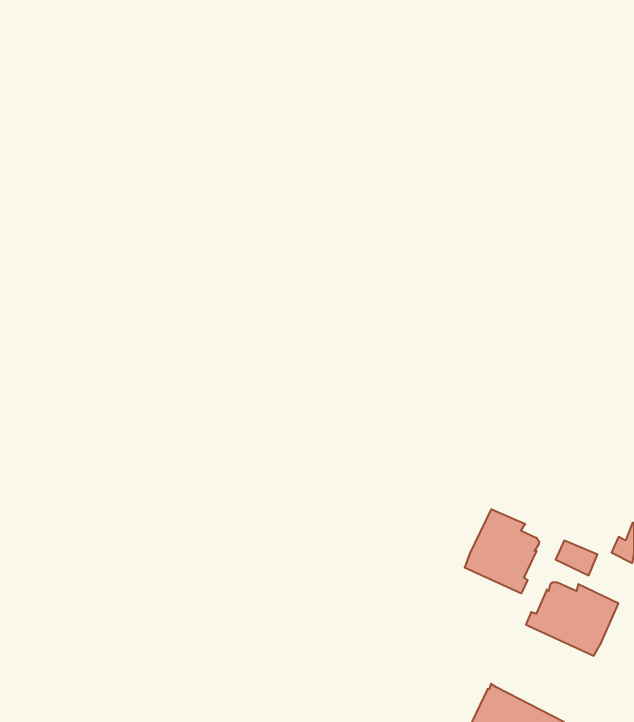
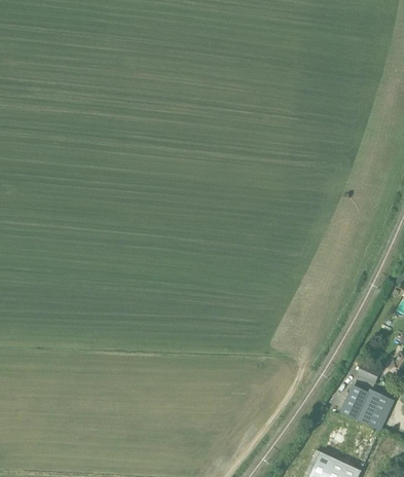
building: [465,509,539,593] -> none

